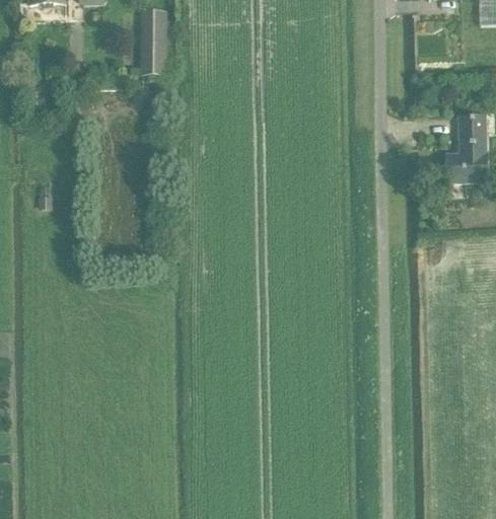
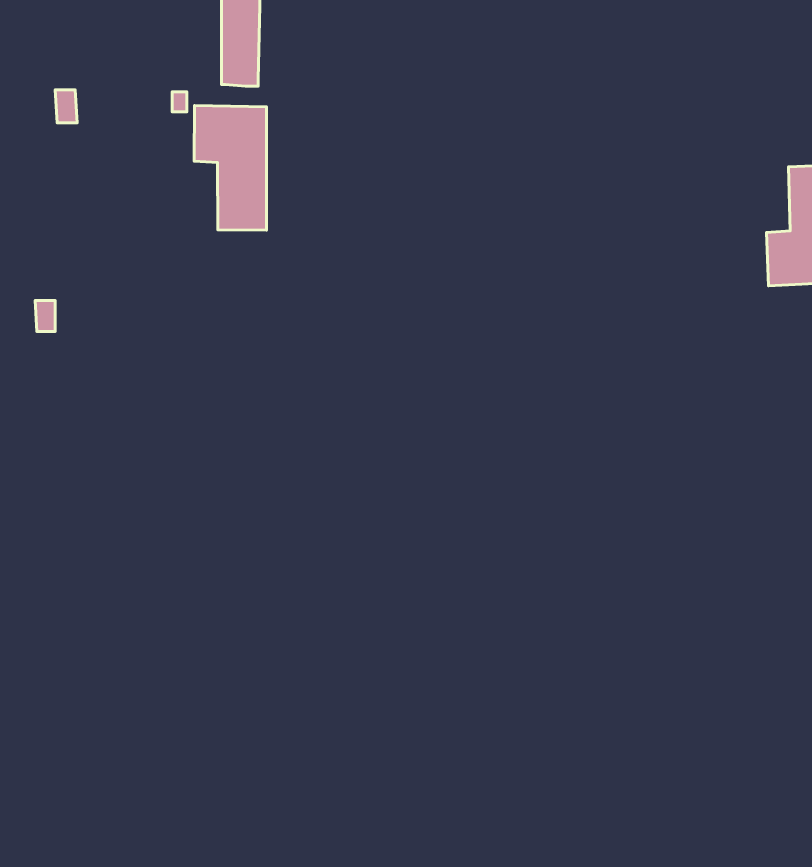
building: none -> [194,105,266,230]

